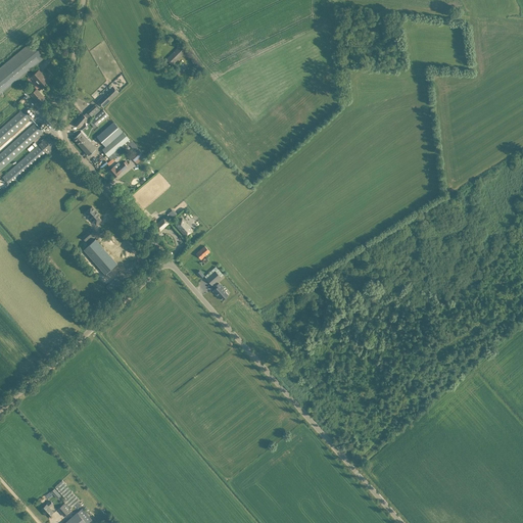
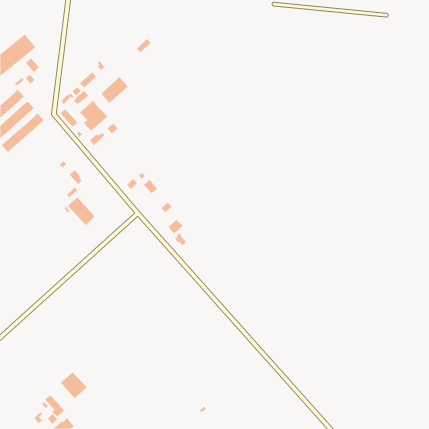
building: none -> [101,76,129,104]
building: none -> [60,372,88,399]

